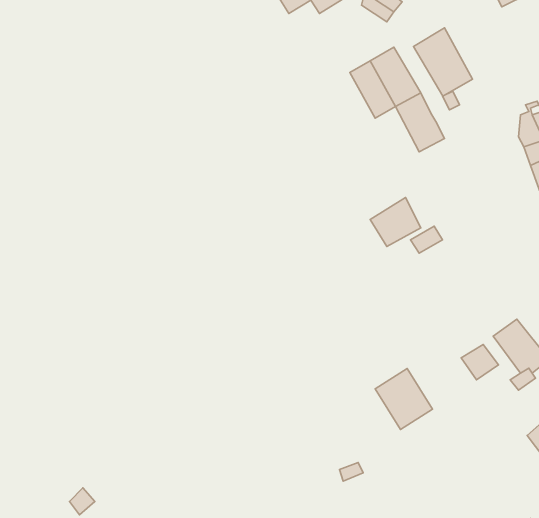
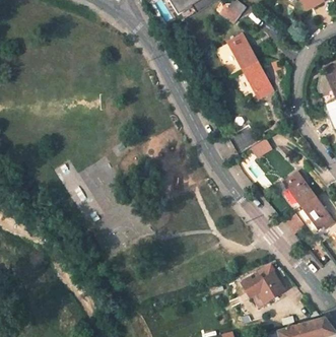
building: [413,28,473,96] -> none
building: none -> [283,172,316,207]
building: [375,369,432,429] -> [249,265,283,301]

